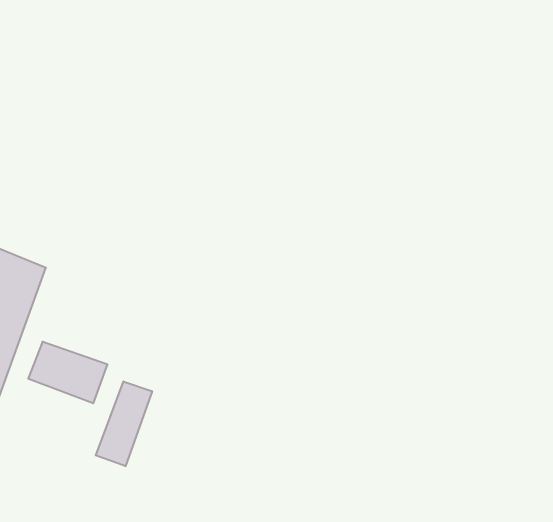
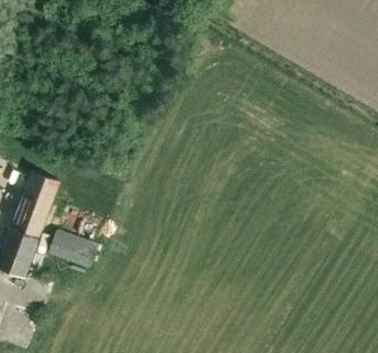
building: [96,381,152,466] -> none

